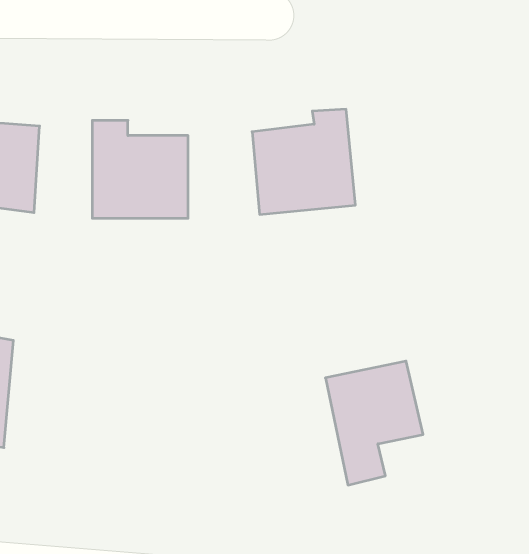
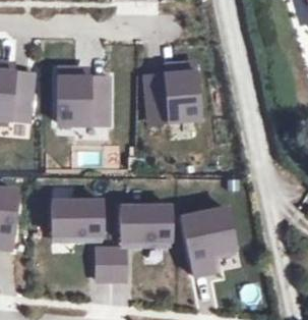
building: none -> [46,202,97,238]
building: none -> [114,204,165,241]
building: none -> [97,255,128,287]

